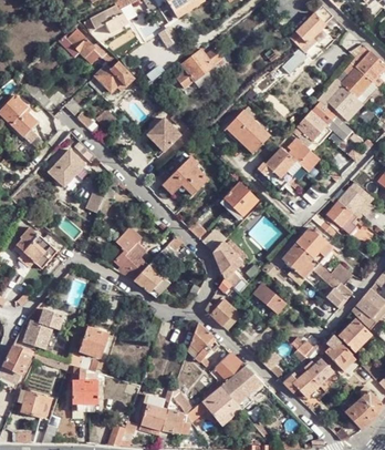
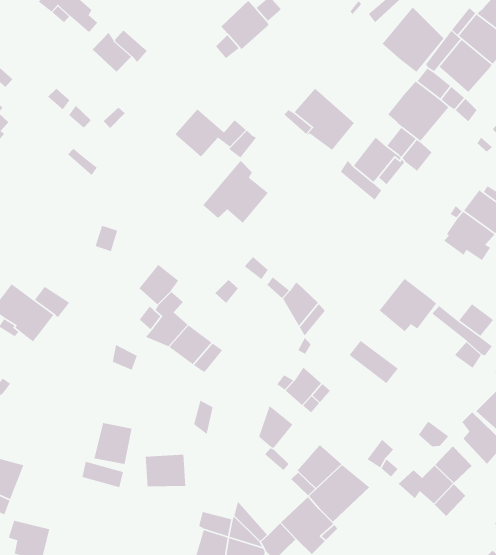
building: none -> [382,7,445,73]
building: [48,145,85,183] -> none
building: [219,181,257,218] -> none
building: [295,225,332,260] -> none
building: [23,308,64,349] -> none
building: [73,380,100,402] -> [145,454,186,487]

